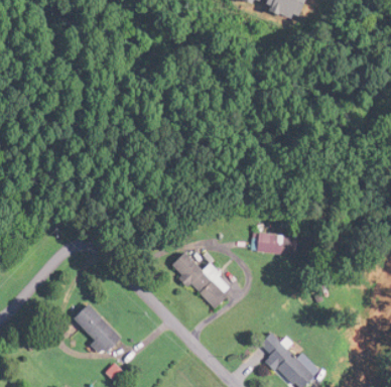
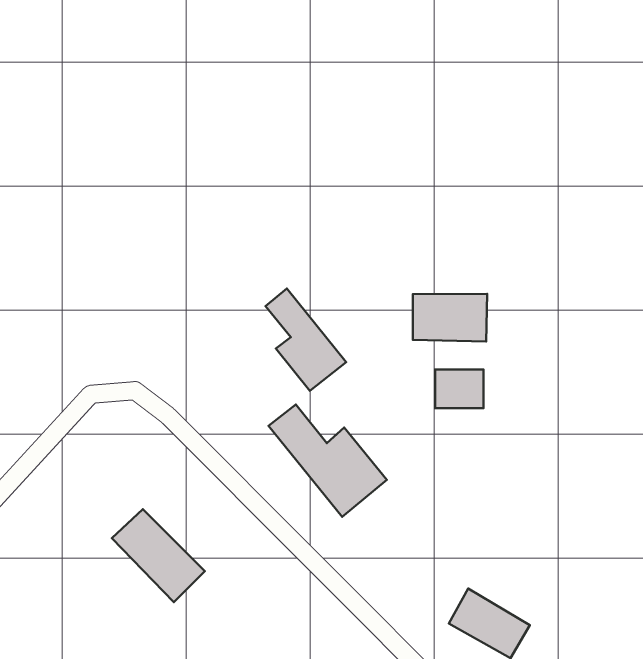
building: none -> [265,288,346,391]
building: none -> [413,294,487,341]

